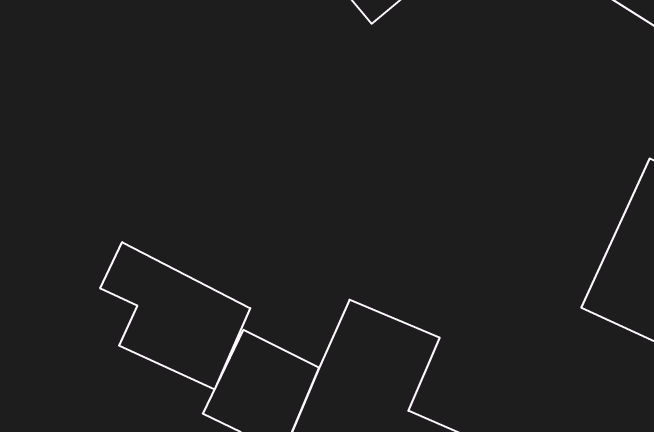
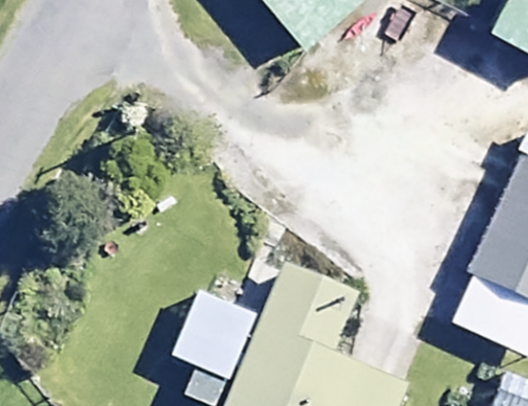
building: [100,242,250,389] -> none

